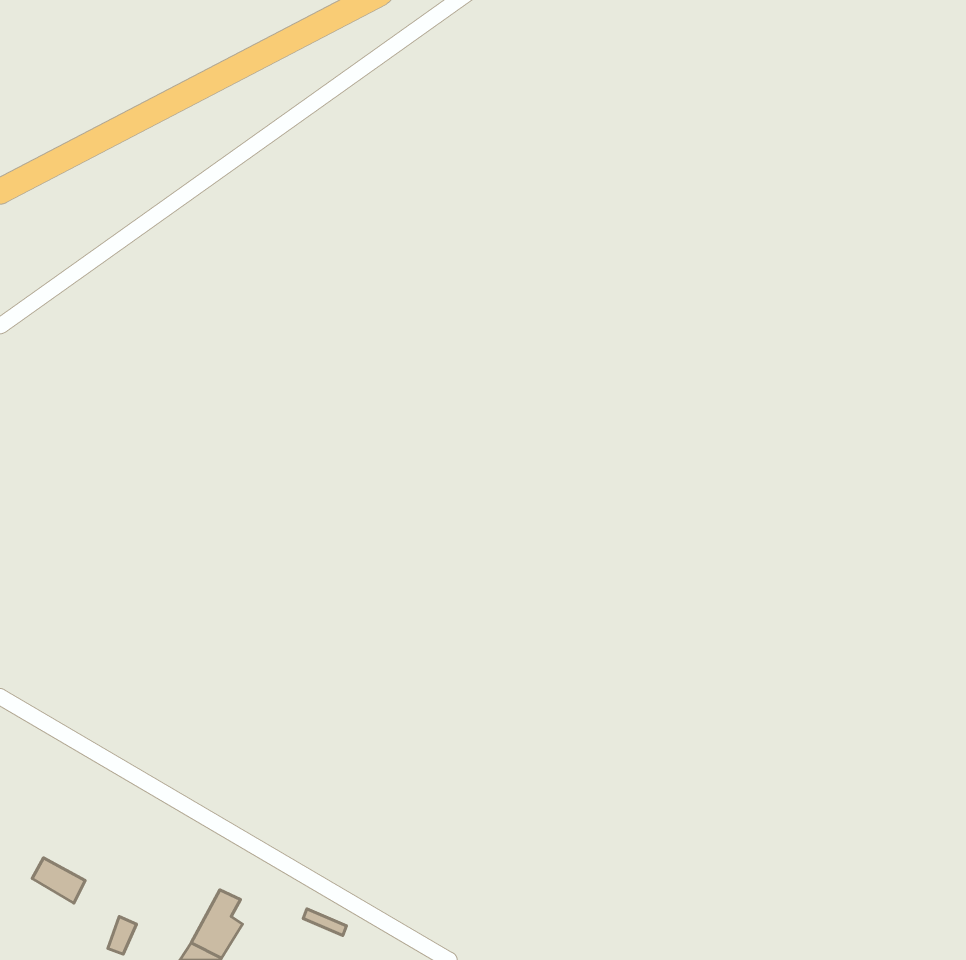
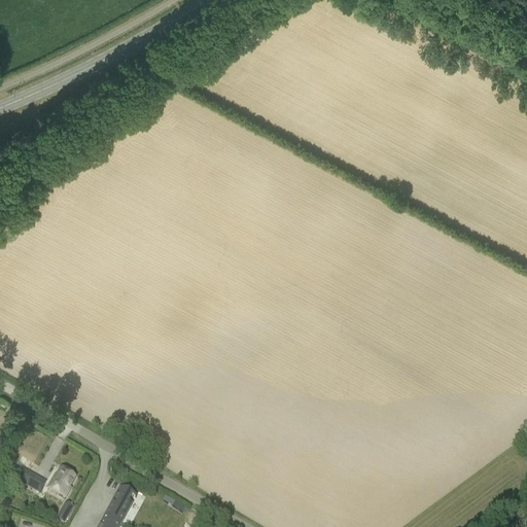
building: none -> [48,465,76,495]

